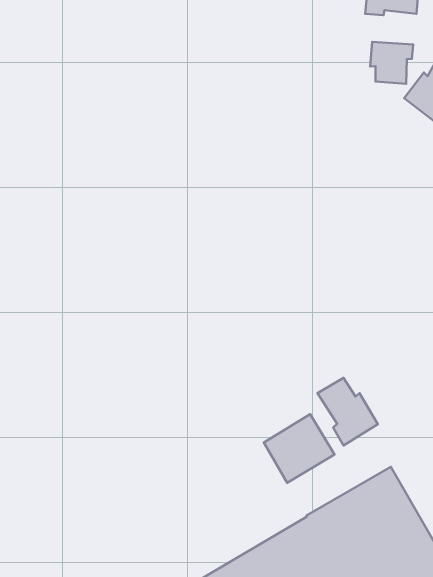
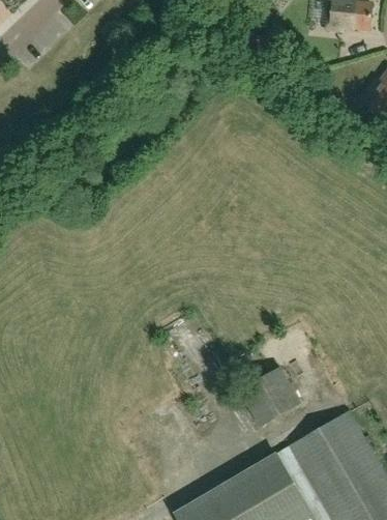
building: [370,42,413,84] -> none
building: [318,378,378,445] -> none

